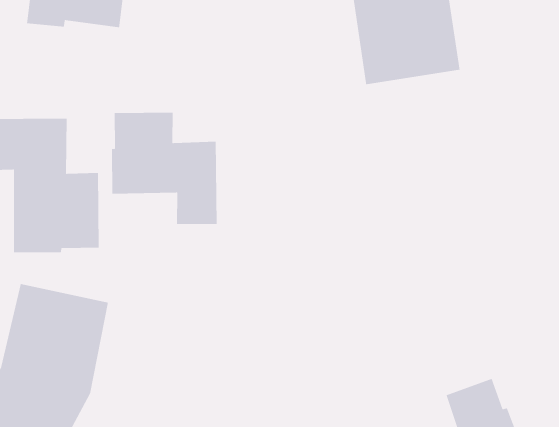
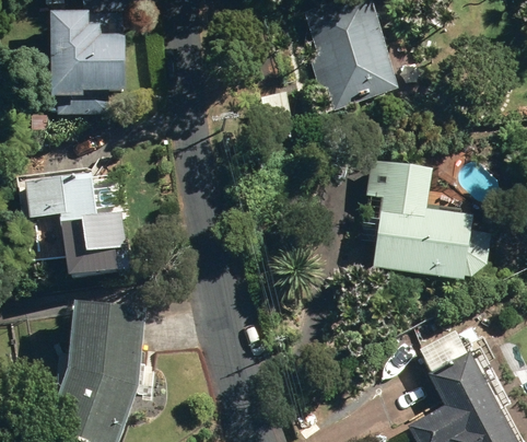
building: [111,112,218,225] -> none
building: none -> [366,160,491,279]

